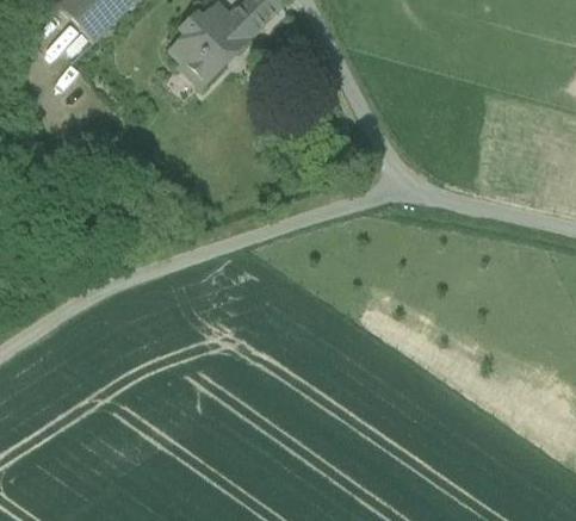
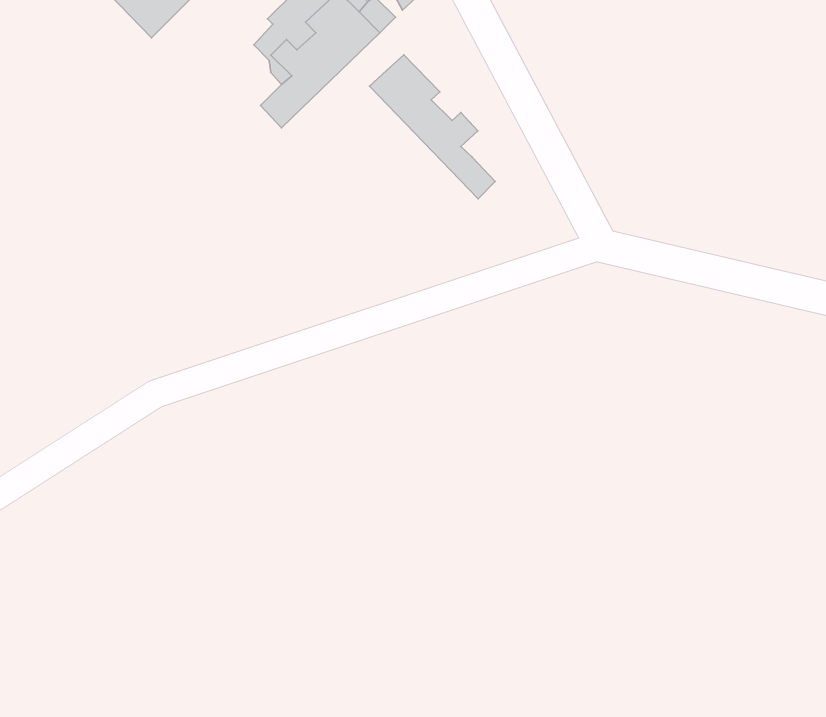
building: none -> [370,55,495,199]

